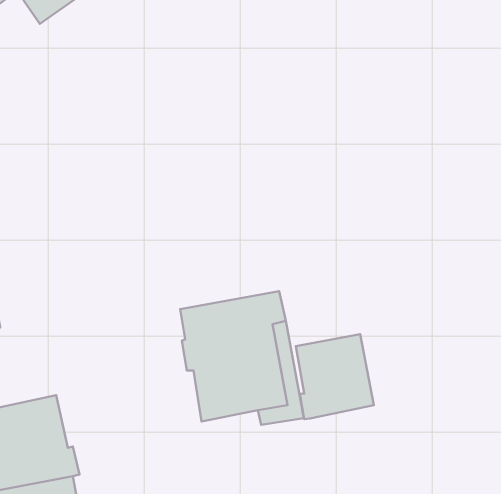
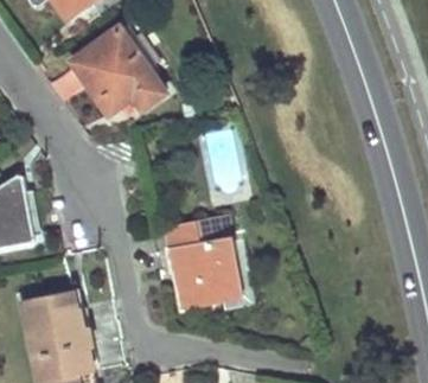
building: none -> [69,26,165,116]
building: [296,334,374,419] -> none

